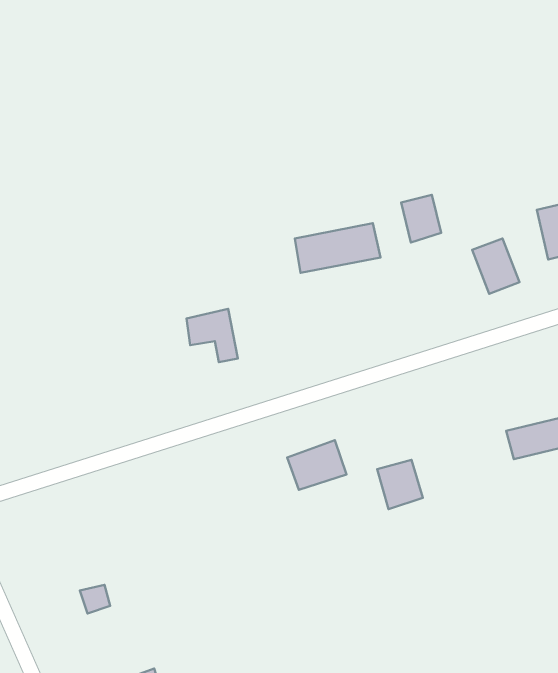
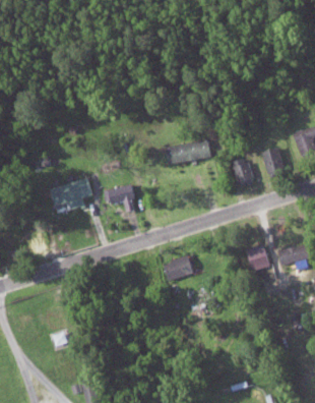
building: [401,195,441,242] -> [231,159,252,184]
building: none -> [49,179,91,210]
building: [377,460,423,509] -> [246,245,270,272]

